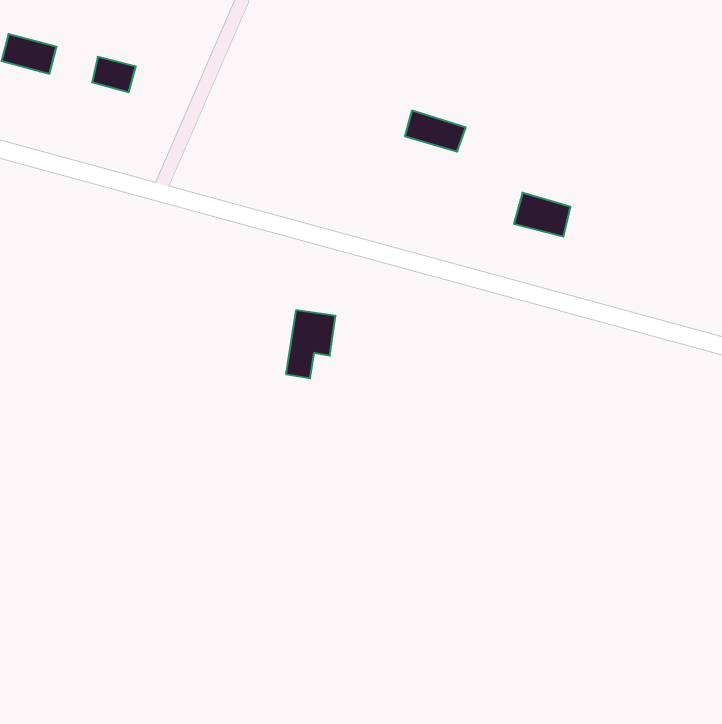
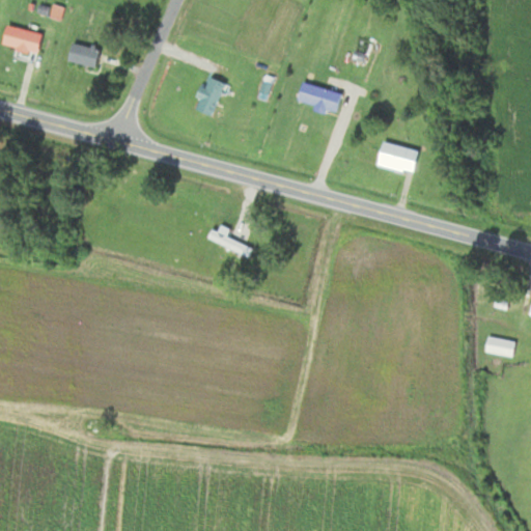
building: none -> [194,76,226,115]
building: none -> [484,337,514,356]

